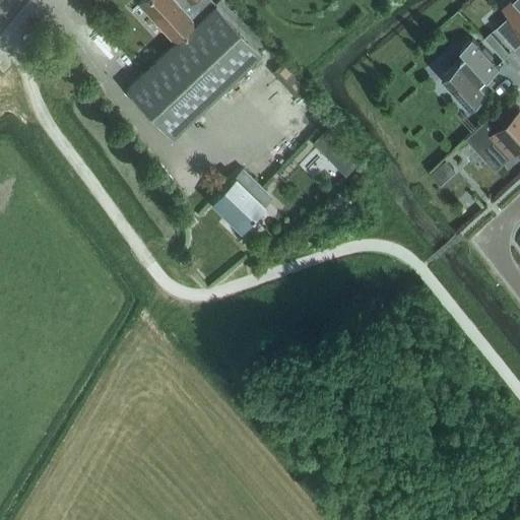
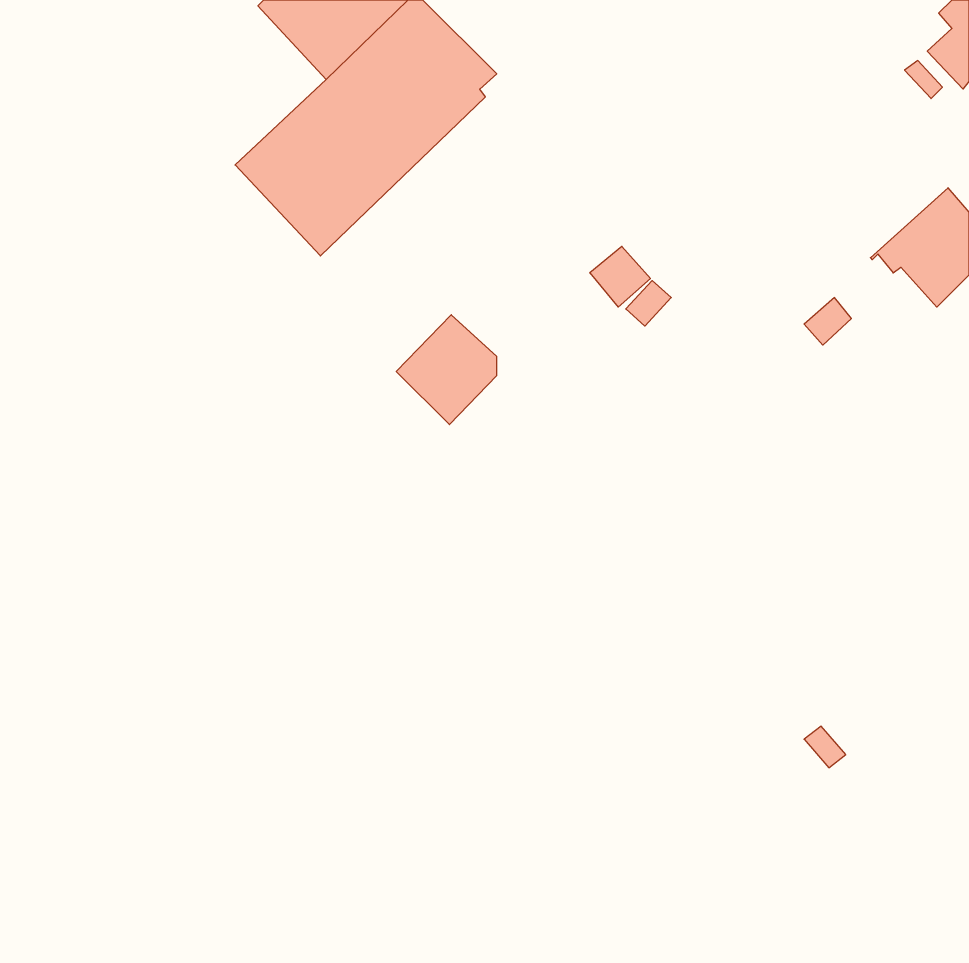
building: [443,41,500,109] -> none

